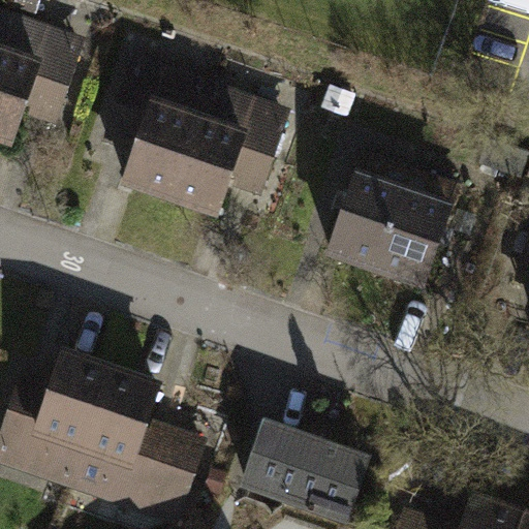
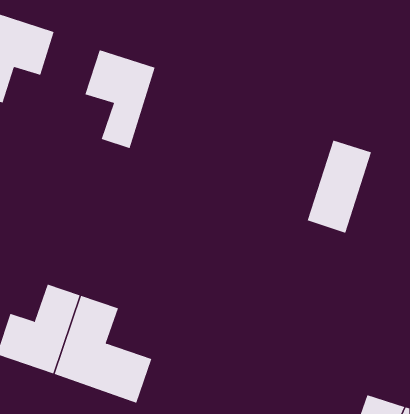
building: [165,88,272,204] -> none
building: [340,163,423,282] -> none
building: [242,425,370,523] -> none

